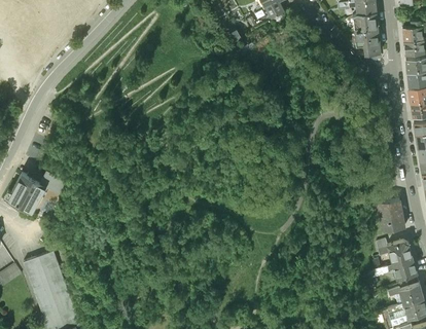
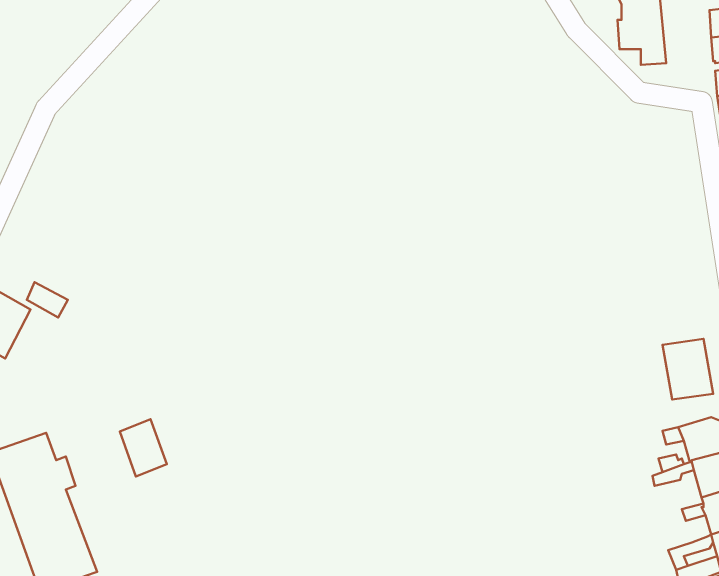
building: none -> [120,419,167,477]

